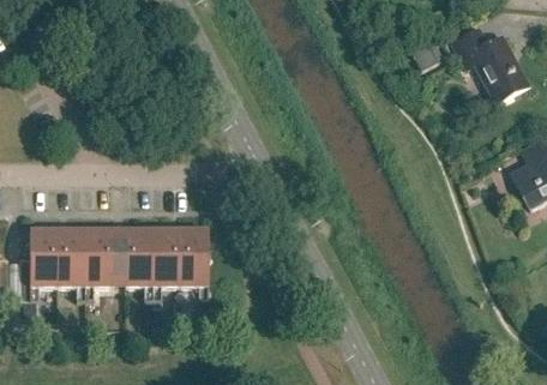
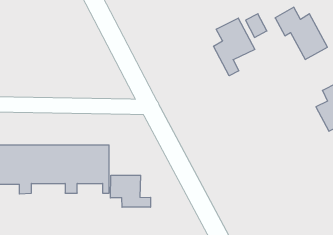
building: none -> [214,18,255,76]
building: none -> [110,175,151,207]

